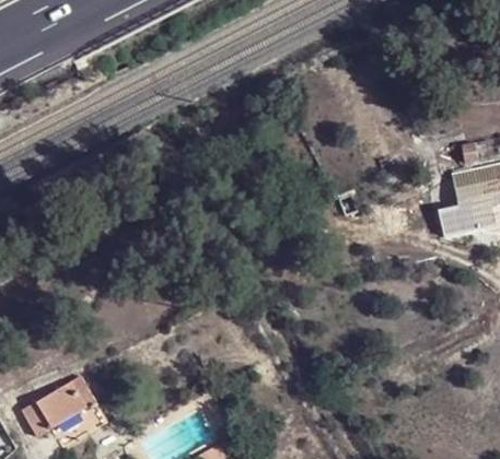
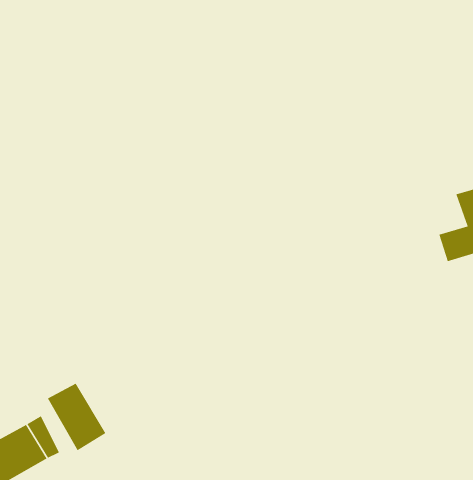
building: none -> [47,383,106,451]

